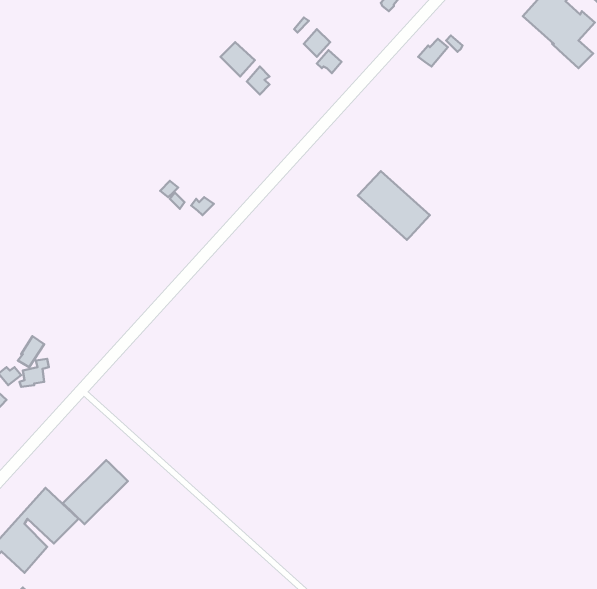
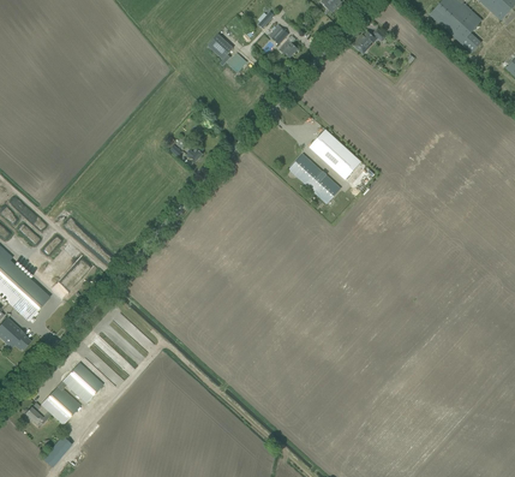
building: none -> [289,154,340,203]
building: [63,460,128,524] -> none

